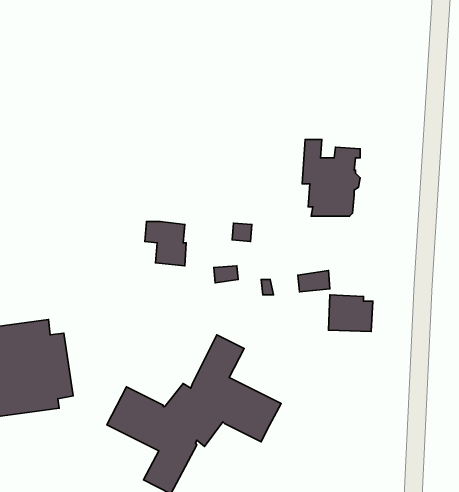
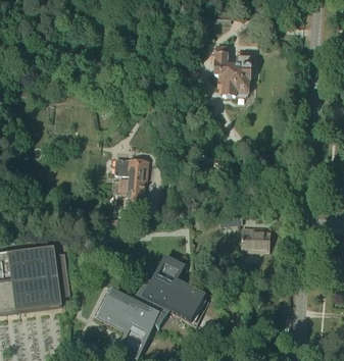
building: [302,140,360,216] -> [214,46,253,97]
building: none -> [114,159,148,182]

